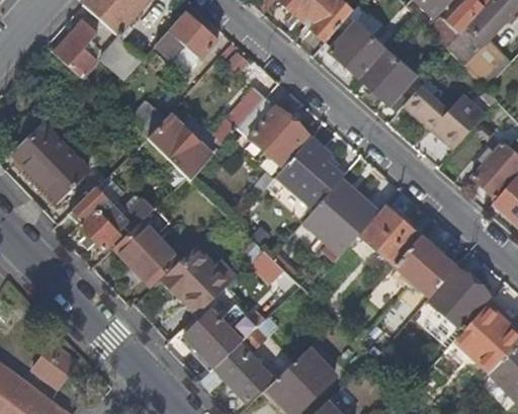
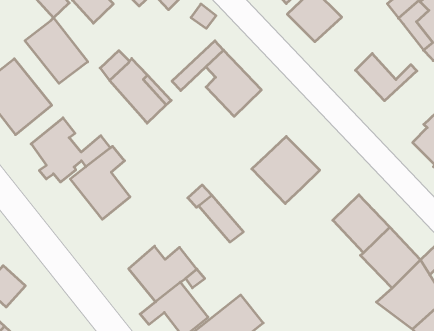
building: [359,50,415,105] -> none
building: none -> [25,18,88,83]
building: [438,99,485,148] -> none
building: [276,136,343,208] -> none
building: [359,203,420,264] -> none
building: [165,247,237,312] -> none

